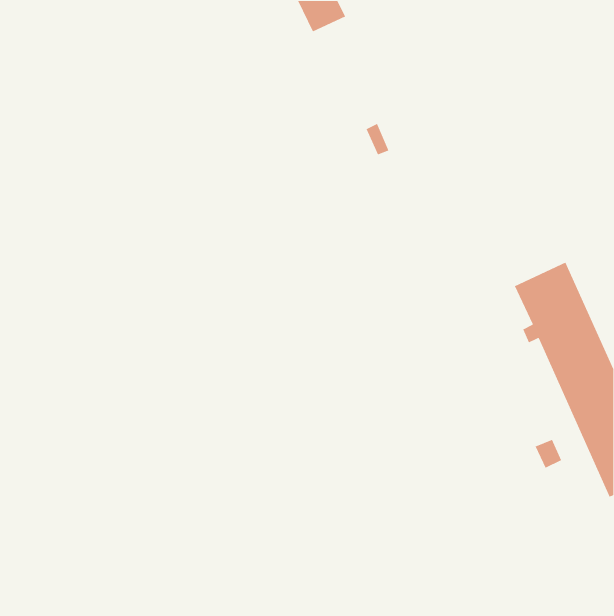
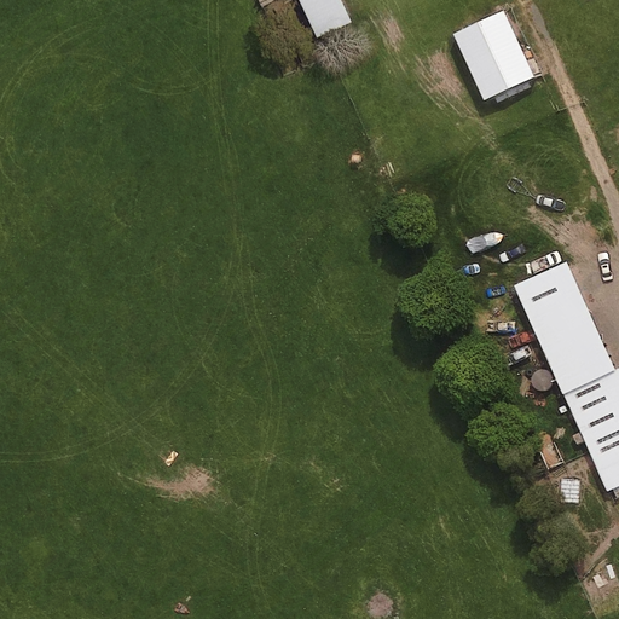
building: none -> [455,11,534,100]

